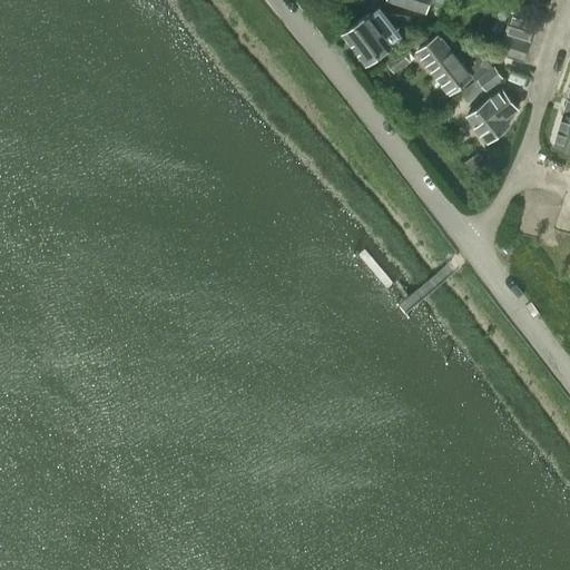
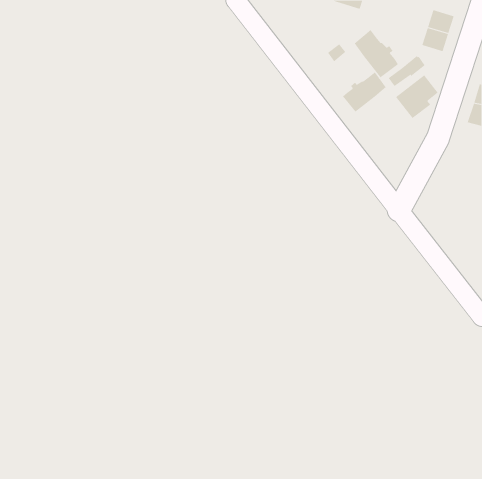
building: [343,8,402,66] -> none
building: none -> [342,72,387,113]

